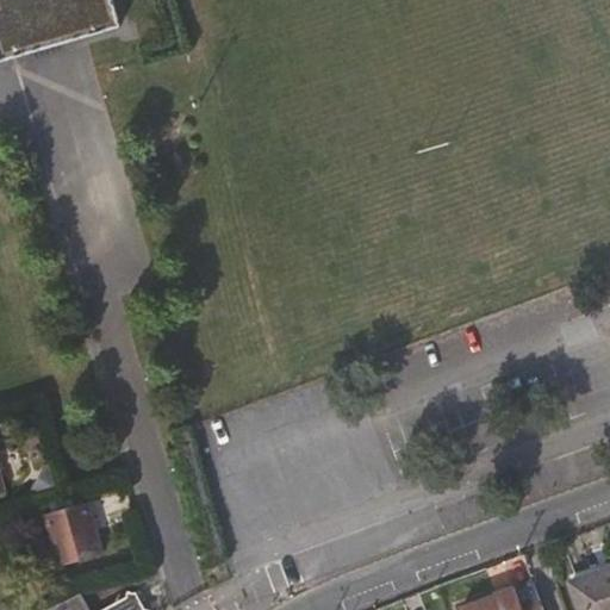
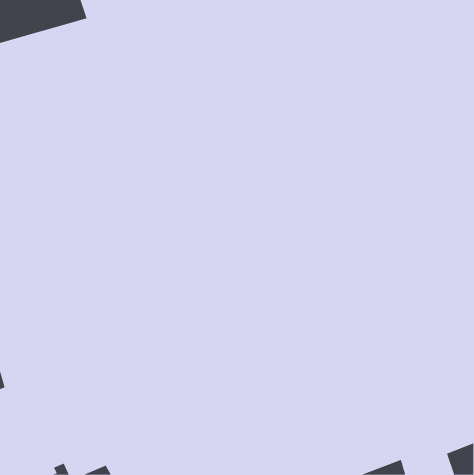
building: [46,500,100,568] -> none

